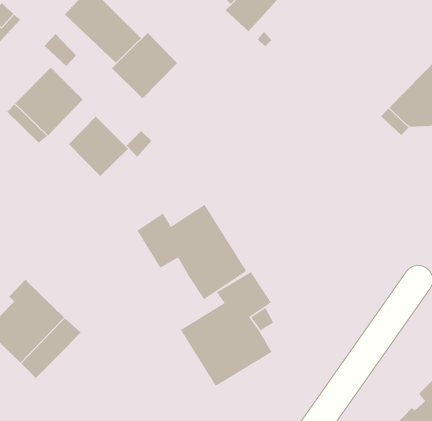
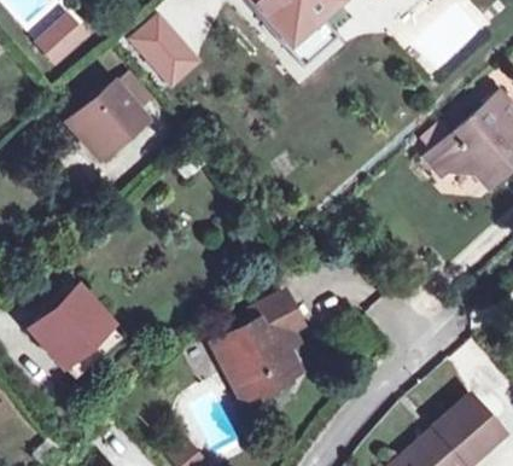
building: [111,32,178,99] -> none
building: [68,116,129,177] -> none
building: [137,204,247,300] -> none

